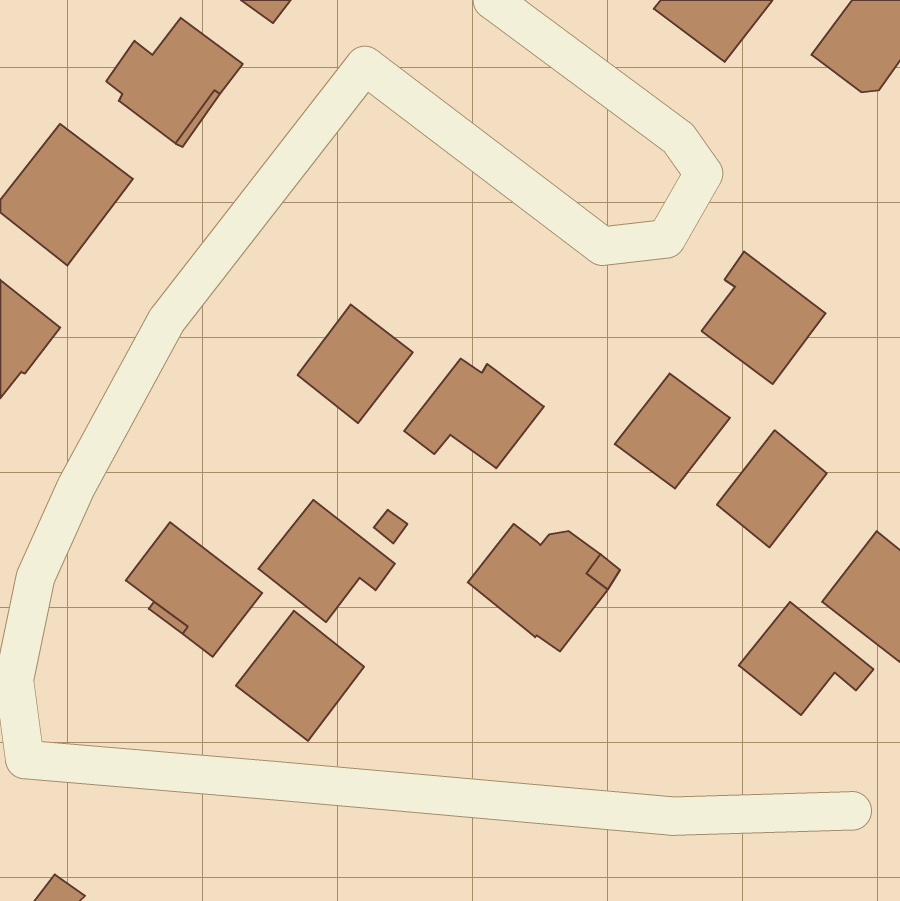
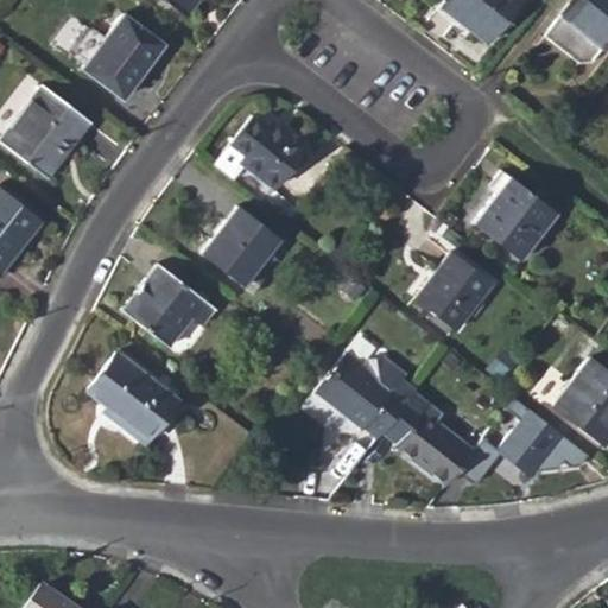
building: [404,359,544,468] -> [215,116,309,190]
building: [717,430,827,547] -> none
building: [258,500,395,622] -> [124,266,215,348]
building: none -> [397,405,474,486]
building: [236,611,364,741] -> none

